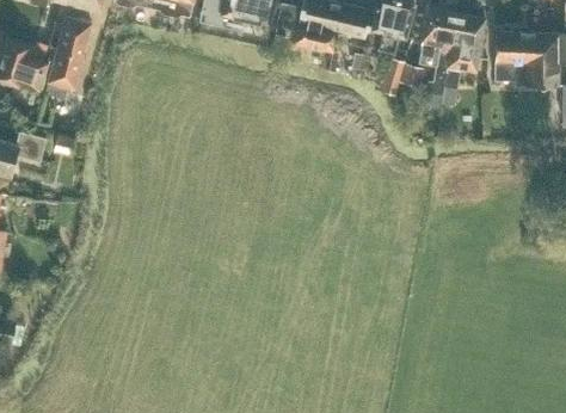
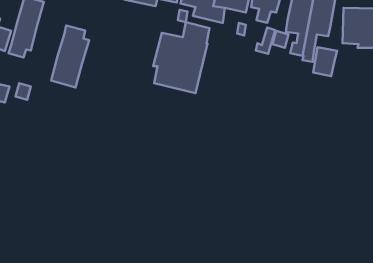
building: none -> [153,22,209,93]
building: none -> [51,25,89,87]
building: none -> [313,47,337,76]

